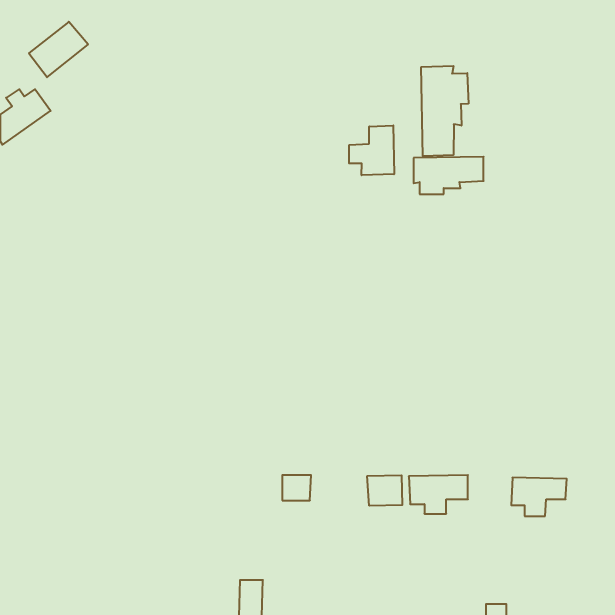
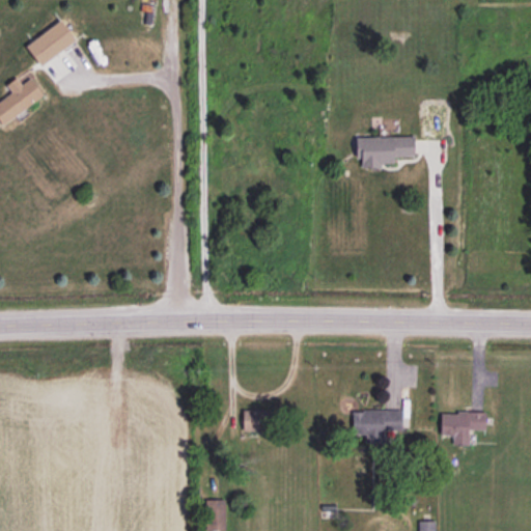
building: [421,66,468,156] -> none
building: [349,125,394,175] -> none
building: [367,475,402,506] -> none

